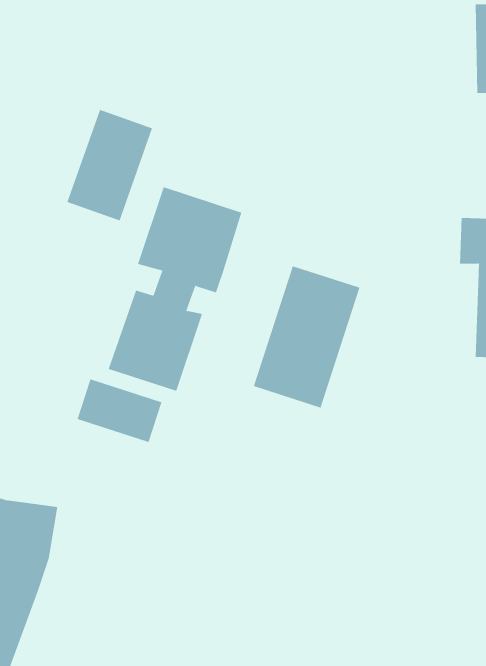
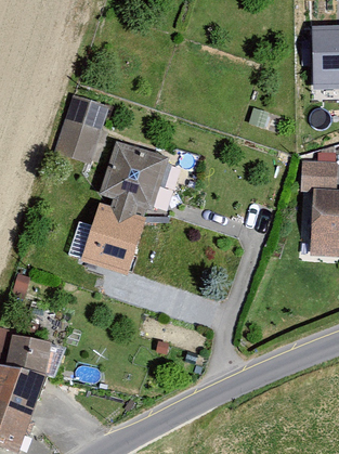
building: [253,265,360,408] -> none
building: [77,378,162,443] -> none

